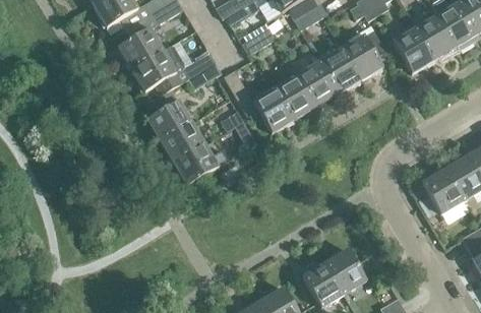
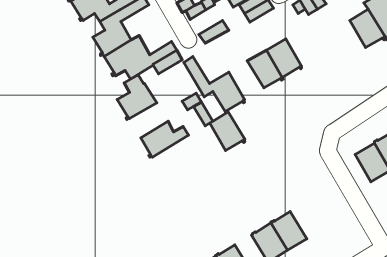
building: [394,27,435,73] -> none
building: [343,29,386,80] -> none
building: [277,74,317,119] -> [210,112,245,150]
building: [162,123,206,164] -> none

